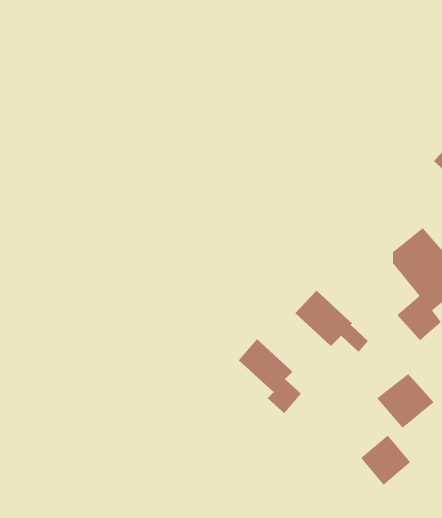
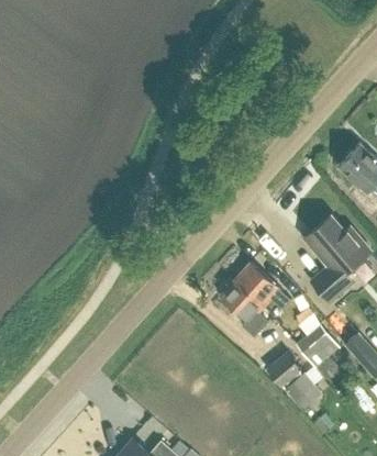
building: [238,338,302,414] -> [221,280,269,337]
building: none -> [268,352,303,387]

